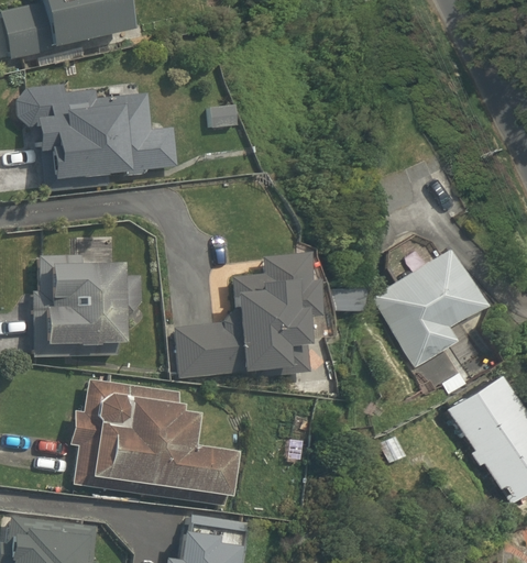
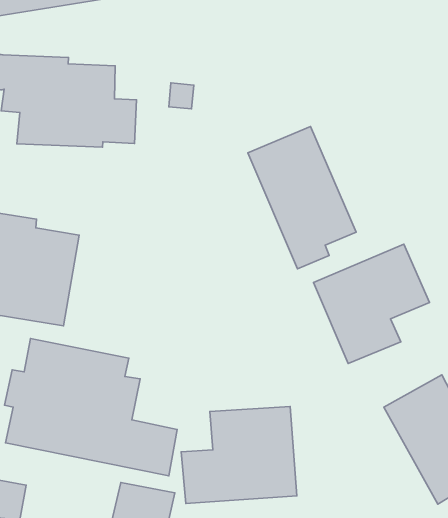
building: none -> [248,126,356,269]
building: [173,251,325,384] -> none
building: none -> [181,406,297,504]

